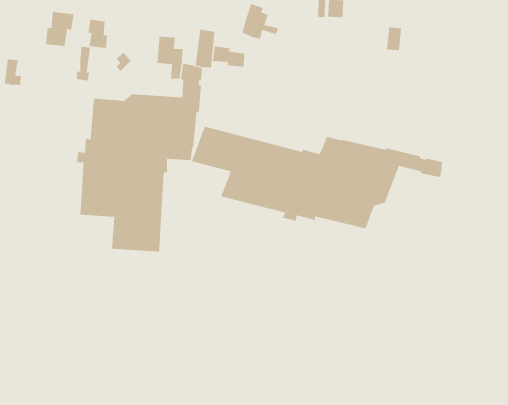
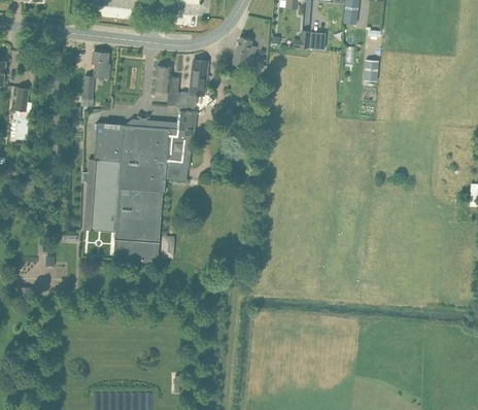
building: [46,11,74,47] -> none
building: [213,45,245,67] -> none
building: [191,126,442,229] -> none

